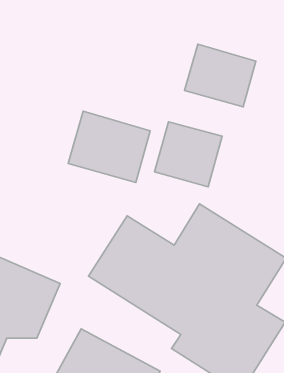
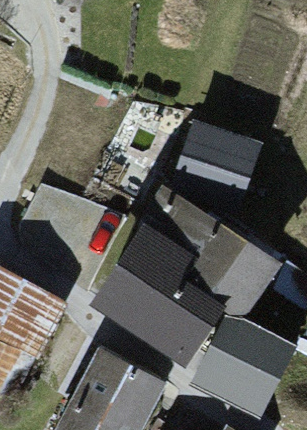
building: [185,44,256,107] -> none
building: [68,111,150,182] -> none

